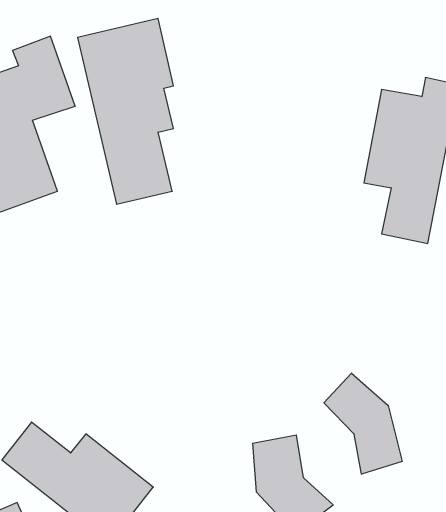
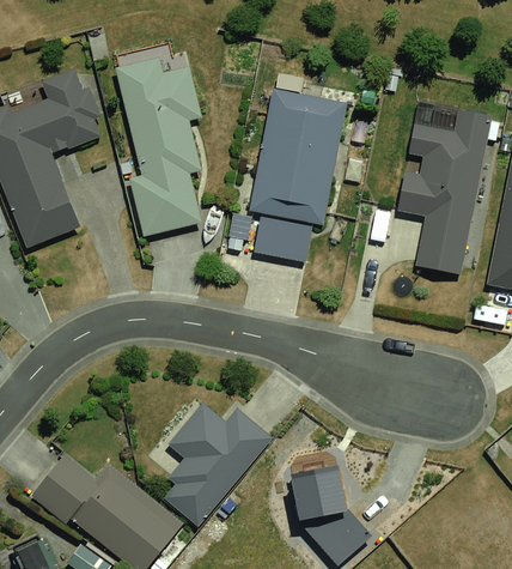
building: none -> [244,85,351,262]
building: none -> [164,401,268,514]
building: [324,373,402,474] -> none

